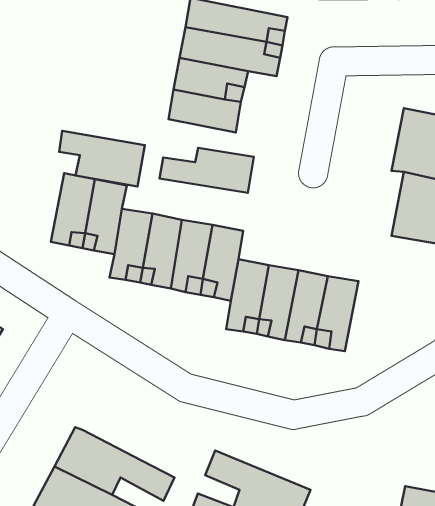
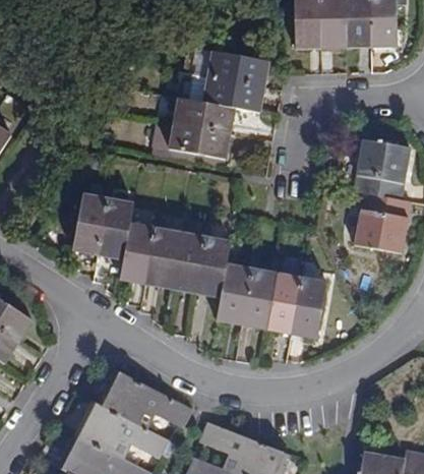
building: [59,131,145,187] -> none
building: [160,148,254,193] -> none
building: none -> [99,370,193,430]

